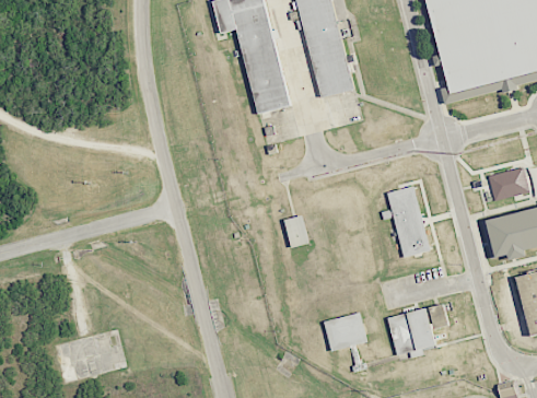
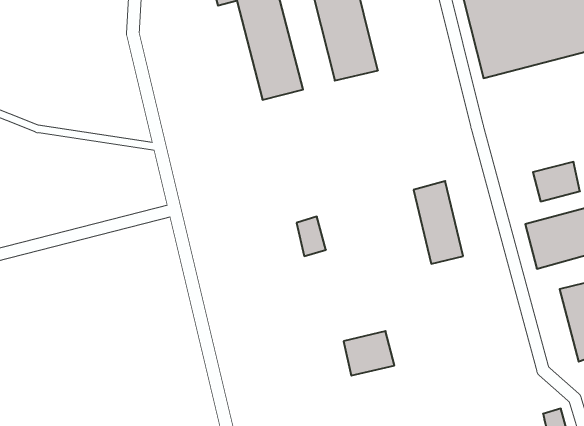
building: [387,304,452,356] -> none

